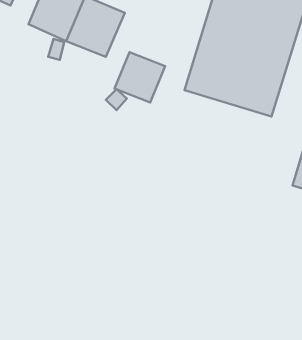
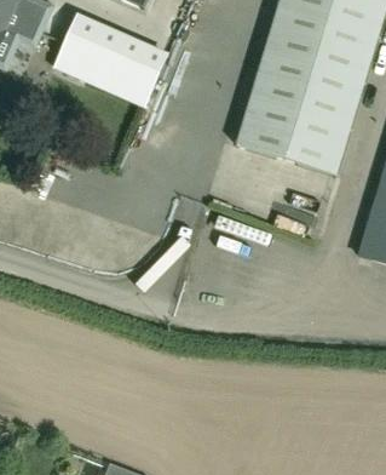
building: [114,52,165,103] -> none

